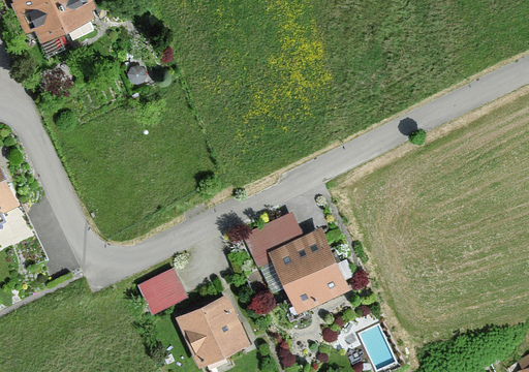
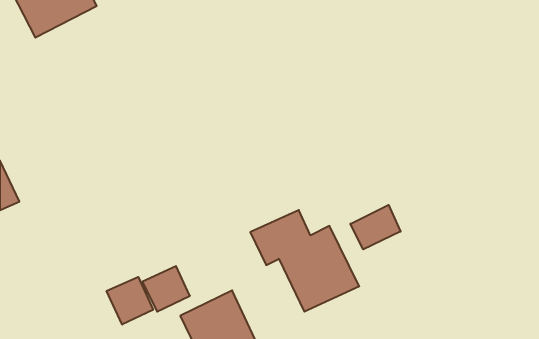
building: none -> [350,205,401,249]
building: none -> [107,277,153,325]

